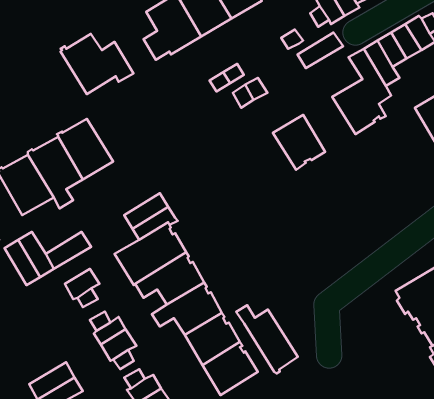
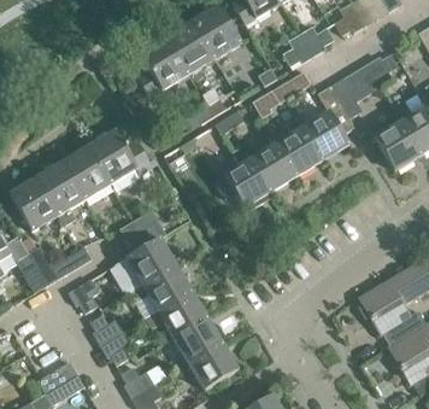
building: [61,34,134,94] -> [88,130,152,183]
building: none -> [277,117,323,175]
building: none -> [216,145,271,209]
building: [236,305,298,373] -> none

